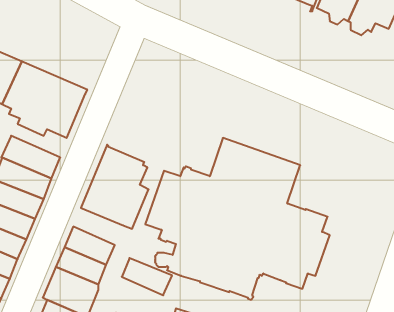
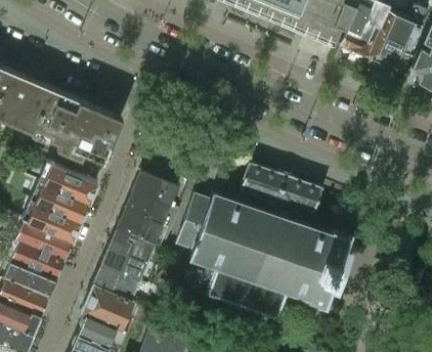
building: [122,258,172,295] -> [109,230,156,265]

